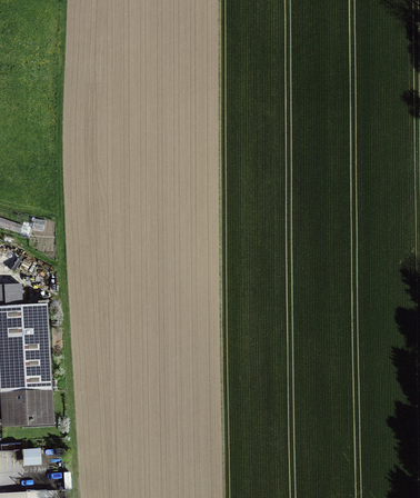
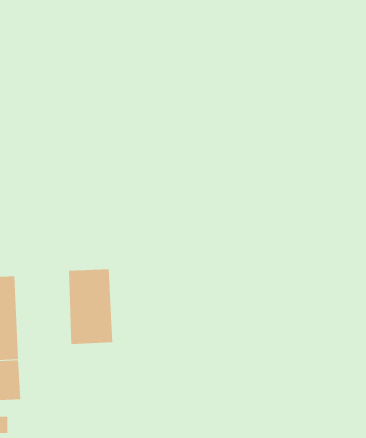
building: none -> [68,268,113,345]

